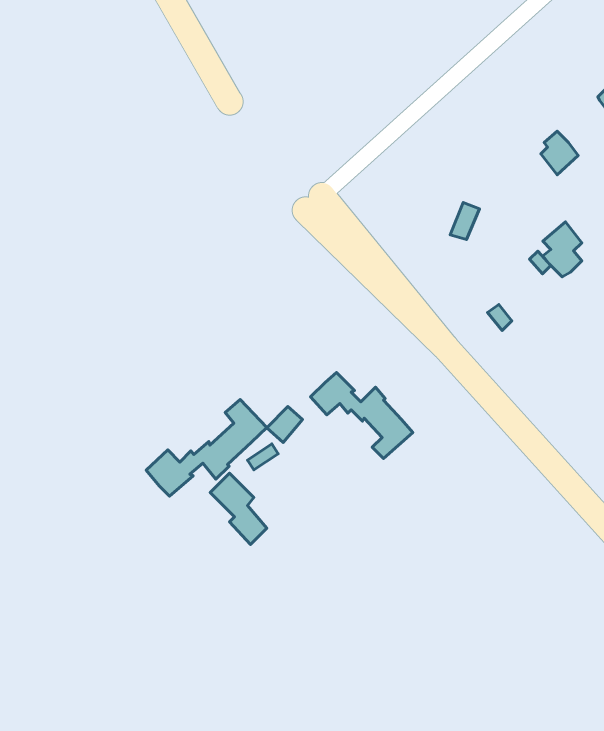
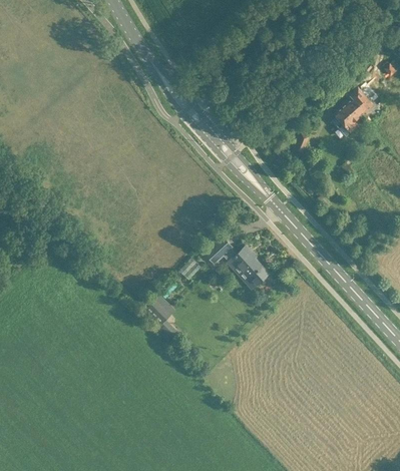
building: [543,222,582,277] -> [336,102,360,136]
building: [146,400,267,496] -> none

